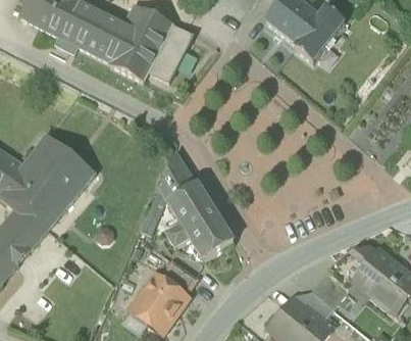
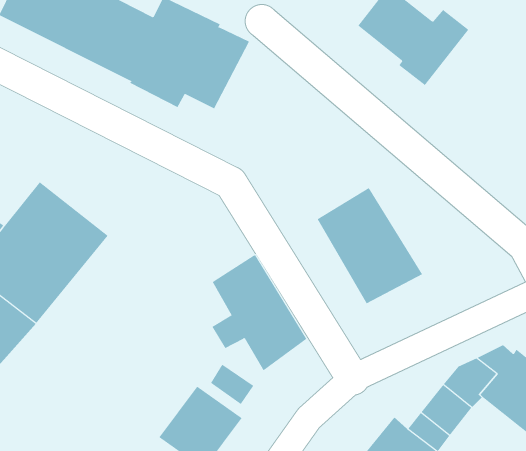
building: none -> [317,187,423,304]
building: [159,149,197,202] -> none

